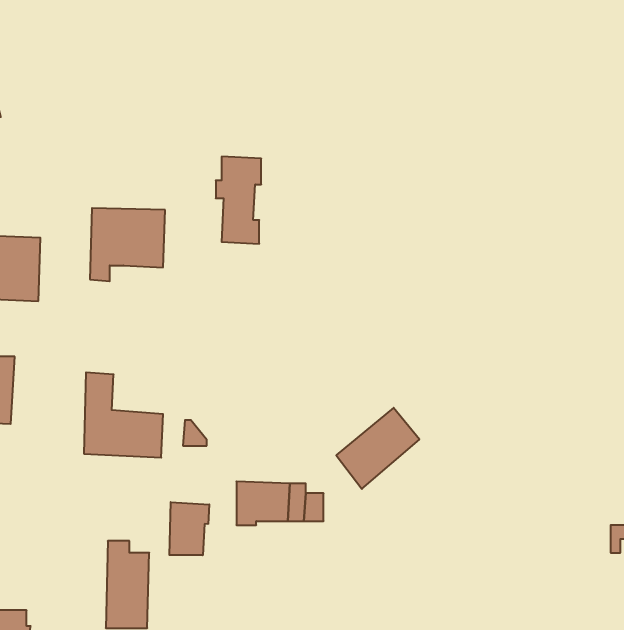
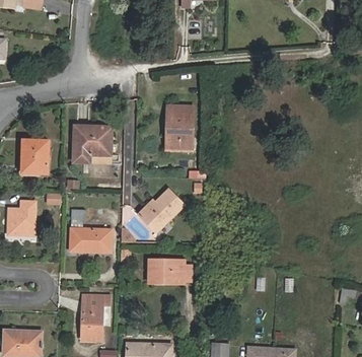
building: [216,157,261,244] -> [169,104,193,149]
building: [336,408,419,489] -> [135,192,177,233]
building: [169,502,209,555] -> none

